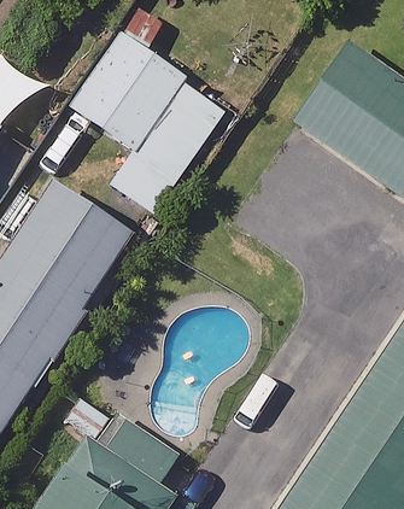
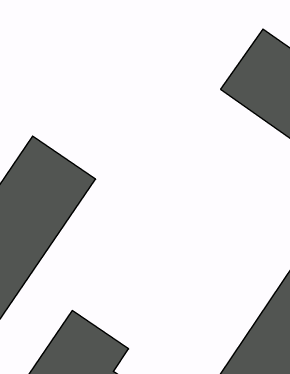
building: [69,33,226,212] -> none

